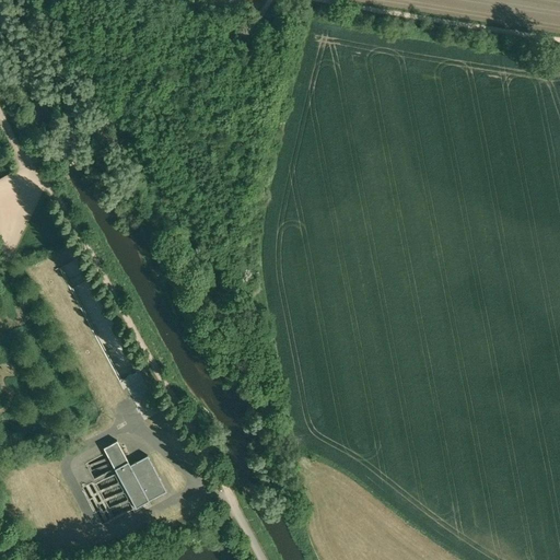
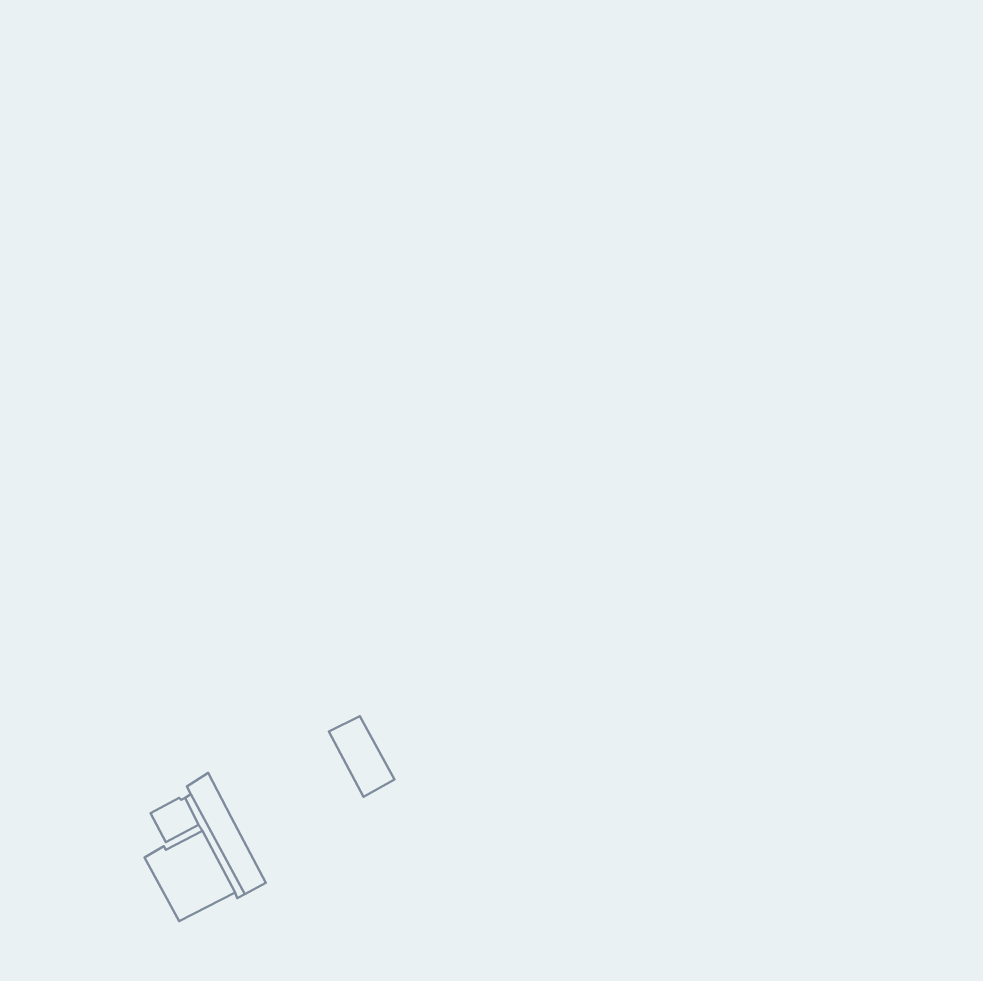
building: [131,455,168,501] -> [329,716,394,797]

